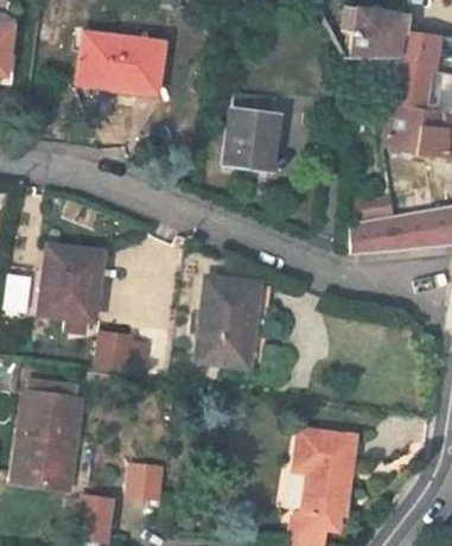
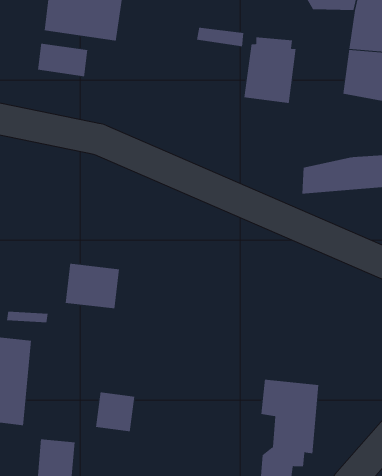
building: none -> [37,43,88,77]
building: [227,103,280,171] -> [244,37,296,103]
building: [43,248,101,323] -> none
building: [198,280,261,372] -> none

